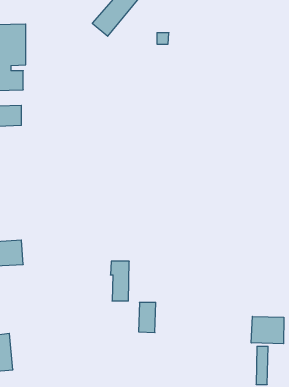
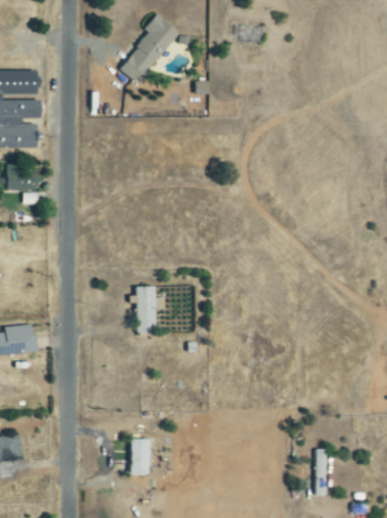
building: [110,261,129,301] -> [133,286,156,333]
building: [139,302,156,333] -> [130,439,151,474]
building: [251,316,284,344] -> none

